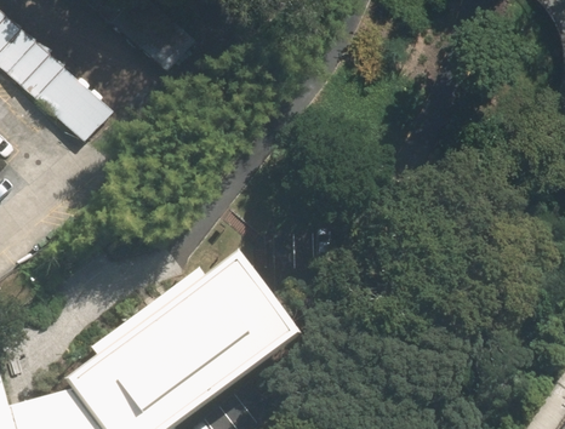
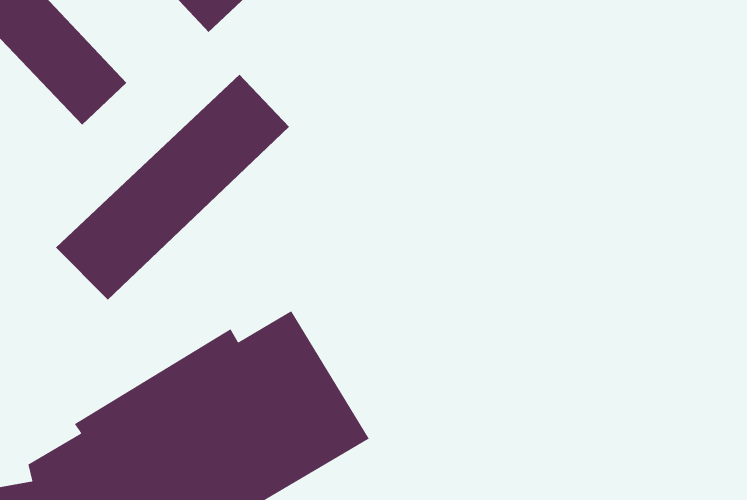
building: none -> [55,74,290,301]

